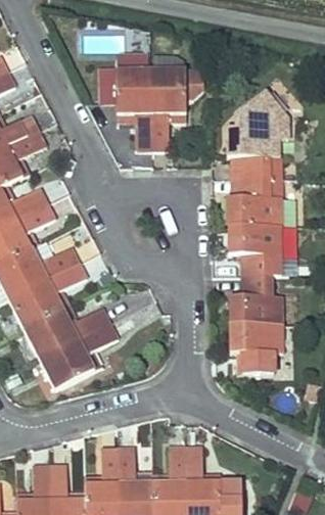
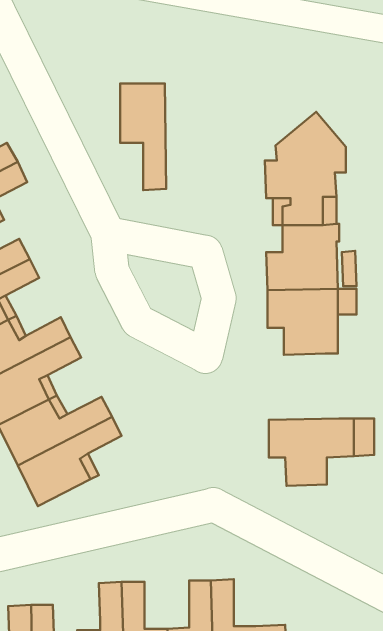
building: [150,69,186,150] -> none
building: [229,275,282,325] -> none

